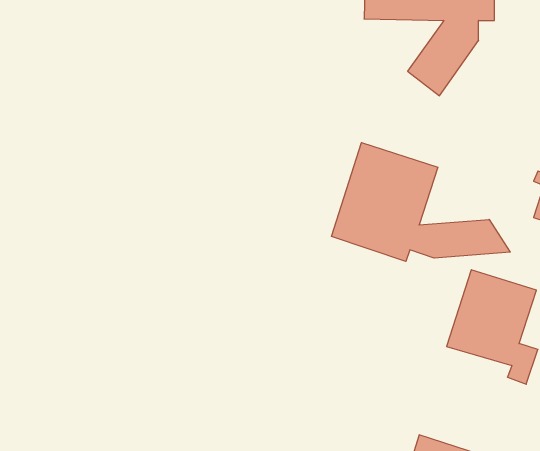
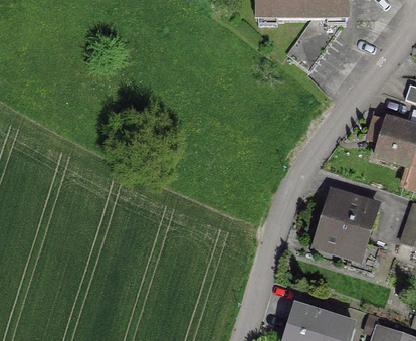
building: [331,143,510,261] -> none

